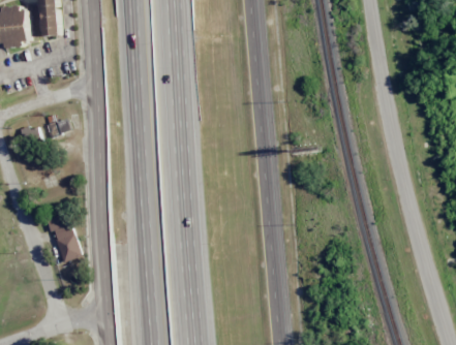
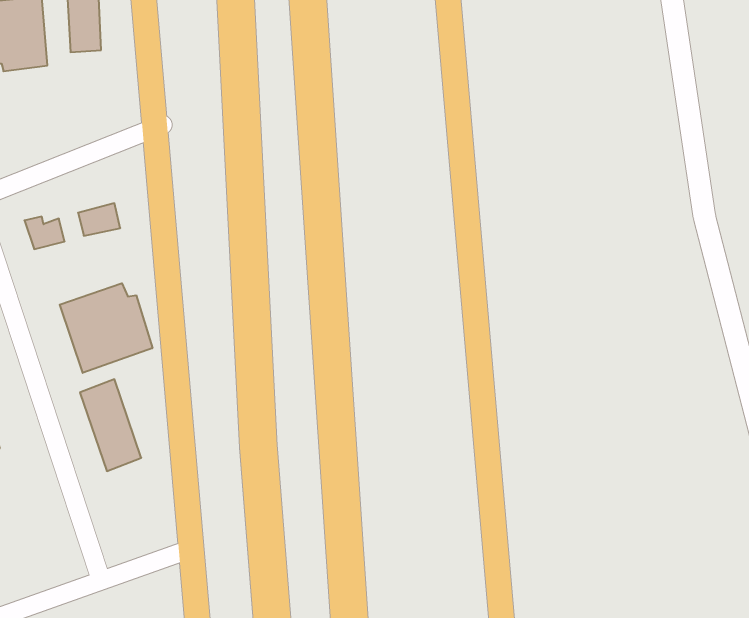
building: none -> [60,283,152,373]

